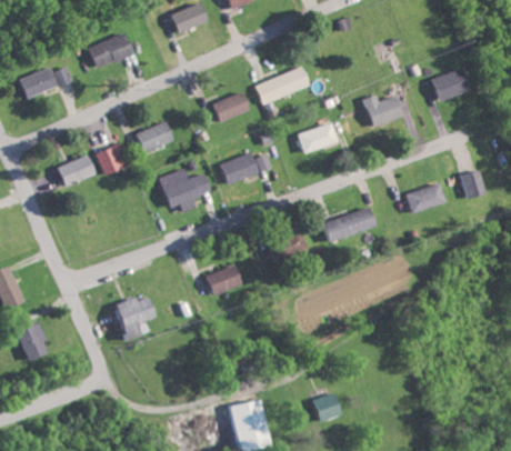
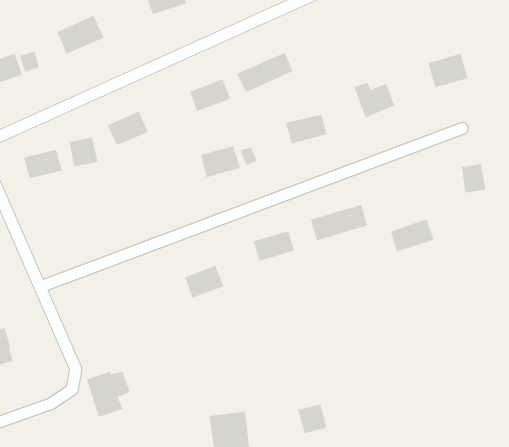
building: [160,169,211,212] -> none
building: [405,182,447,213] -> [390,218,434,252]
building: [113,297,154,340] -> [86,371,131,417]

